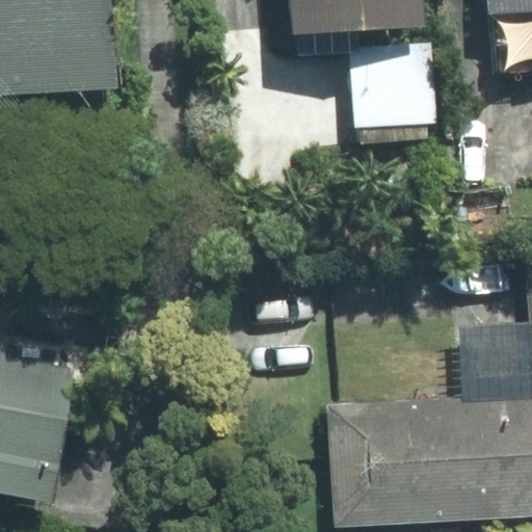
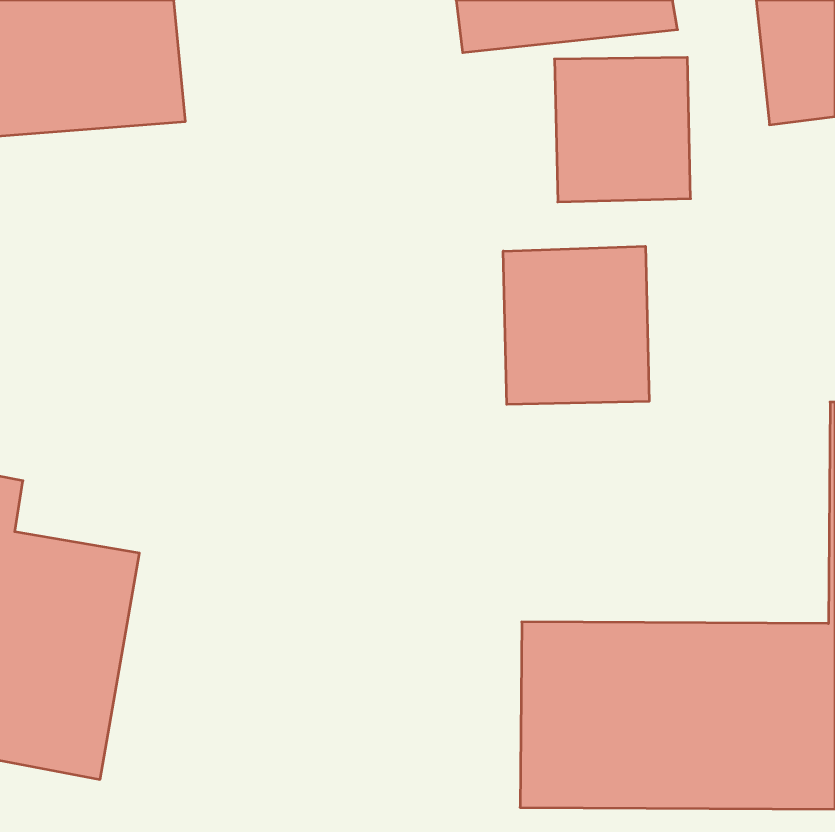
building: none -> [503,246,649,404]

